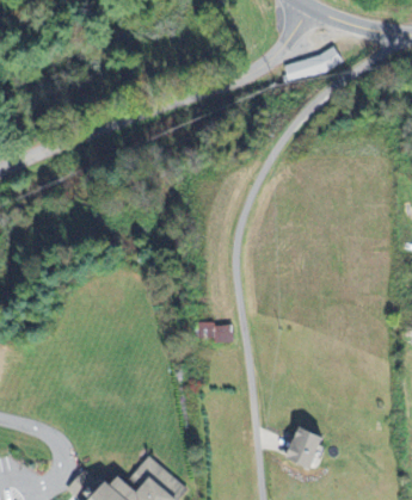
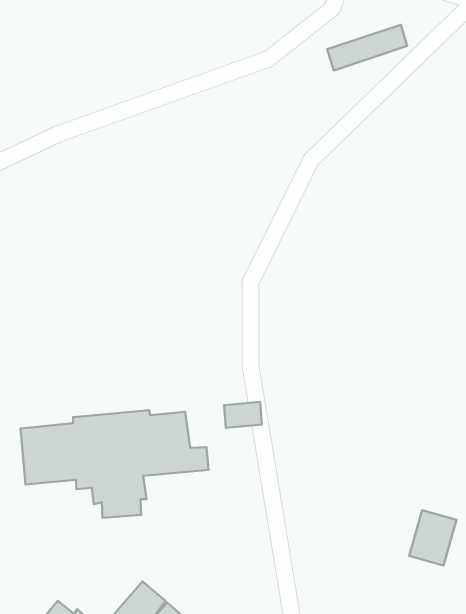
building: none -> [20,410,209,518]
building: [290,428,325,469] -> [409,510,456,566]

